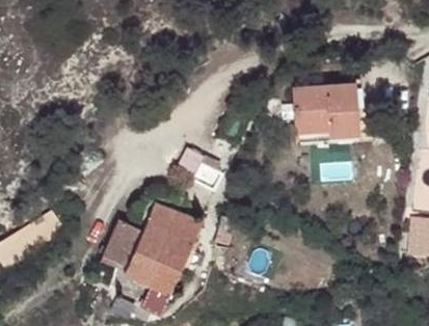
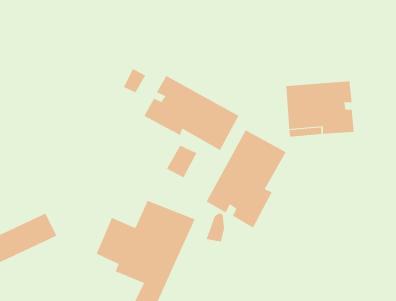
building: none -> [143,75,239,151]
building: none -> [206,130,287,228]

